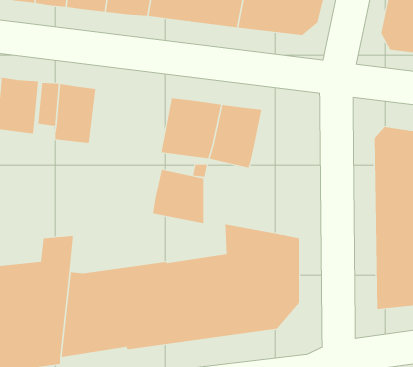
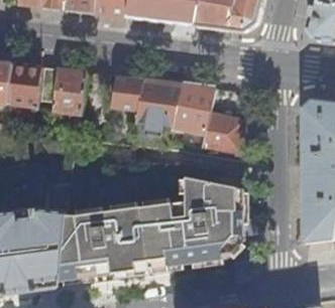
building: none -> [110,74,144,110]
building: [152,169,204,224] -> [203,112,243,154]

